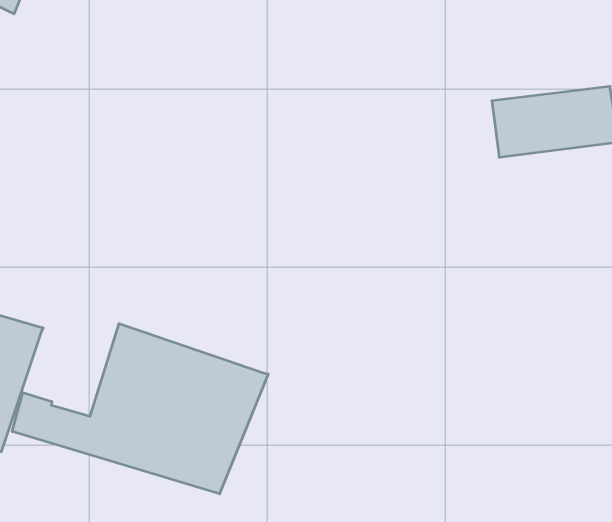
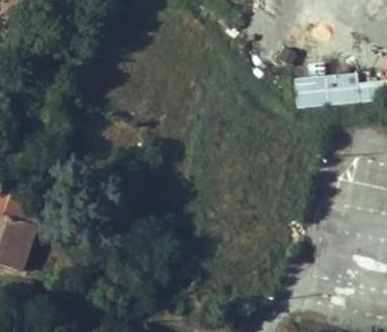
building: [12,324,268,494] -> none

